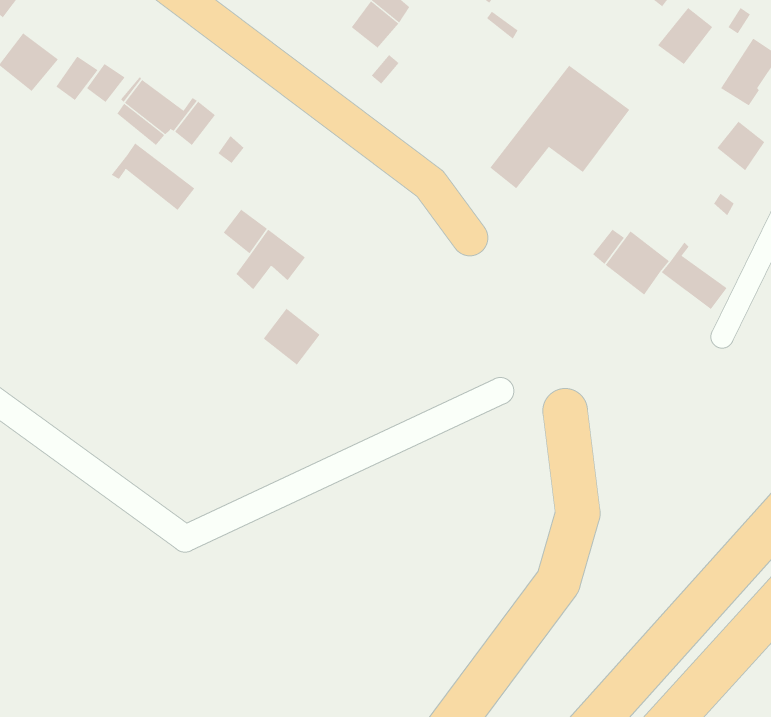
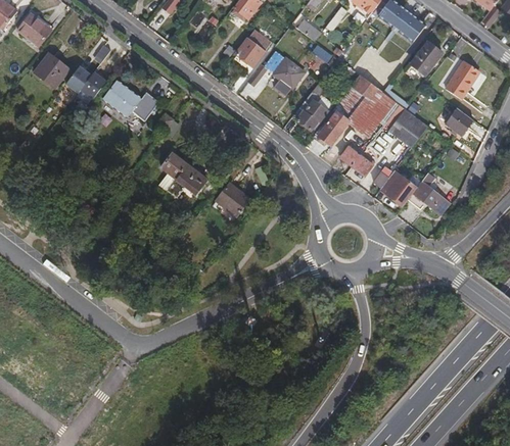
building: none -> [274,57,303,86]
building: none -> [292,83,328,130]
building: none -> [388,104,427,146]
building: [111,142,195,211] -> none
building: none -> [340,147,372,176]
building: [263,308,321,365] -> [219,186,251,218]

